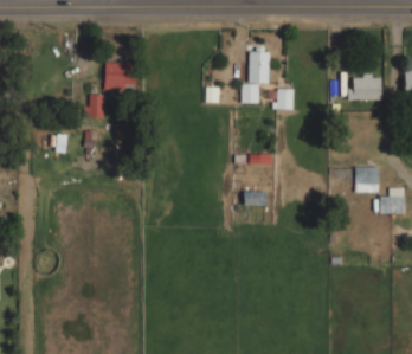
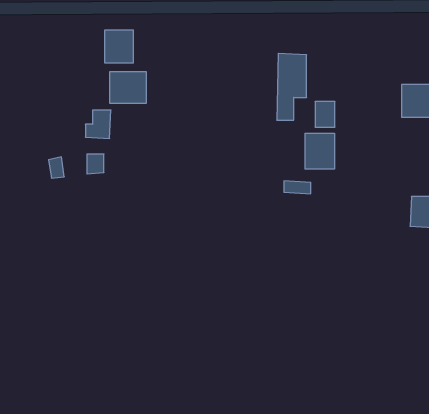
building: none -> [105,30,133,63]
building: none -> [305,133,334,169]

